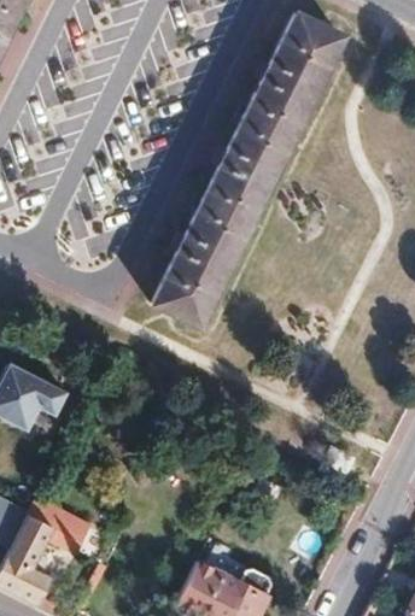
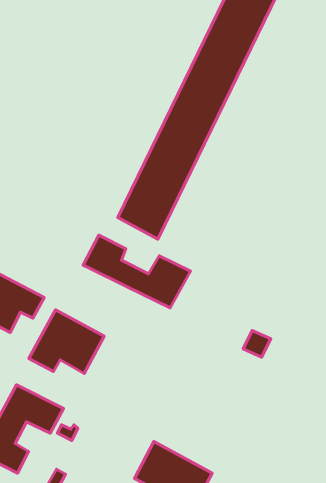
building: none -> [83,235,190,308]
building: none -> [29,310,104,373]

